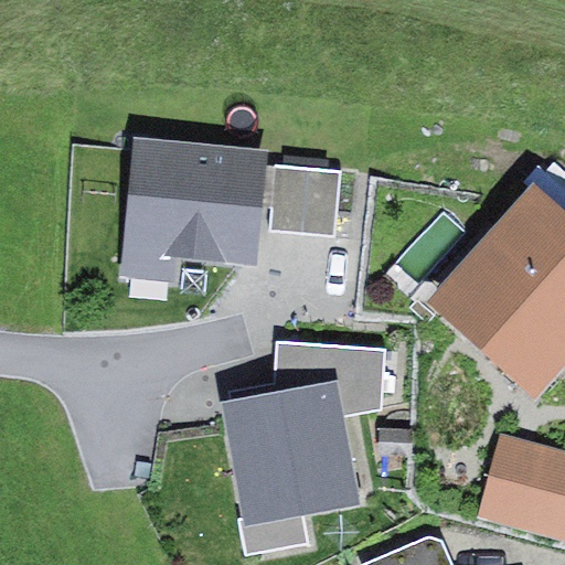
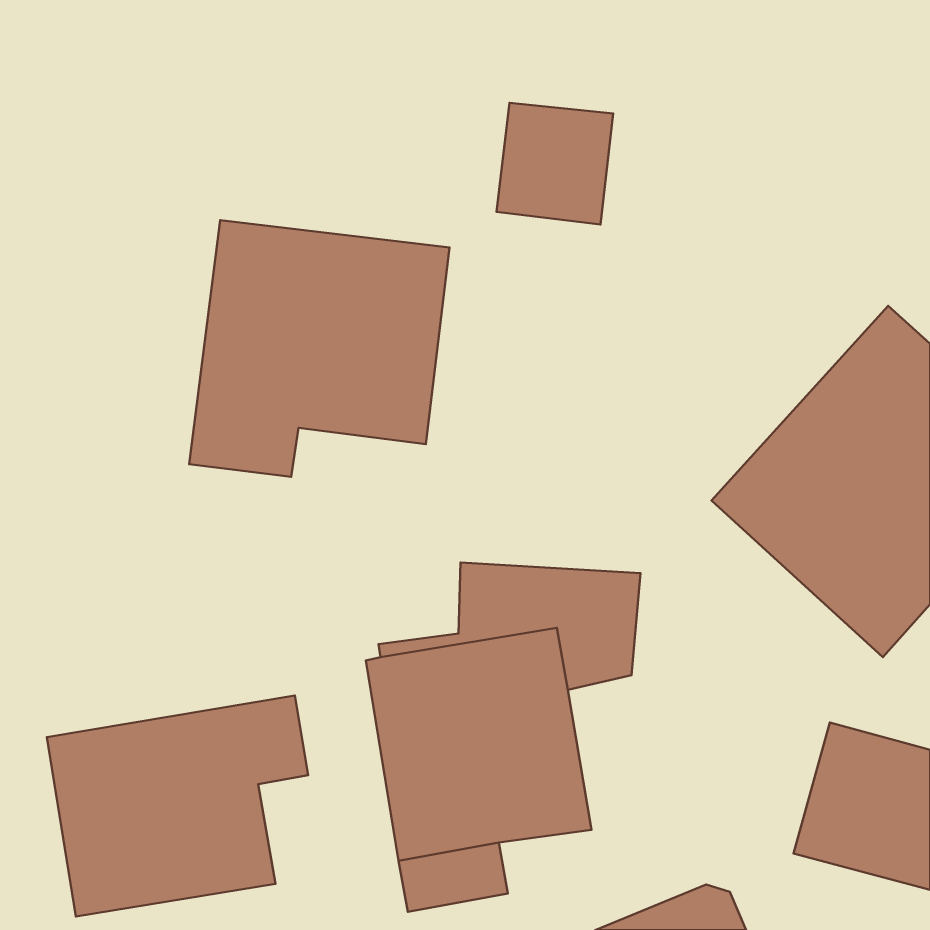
building: [271,166,342,239] -> [497,103,613,225]
building: none -> [47,695,308,916]

